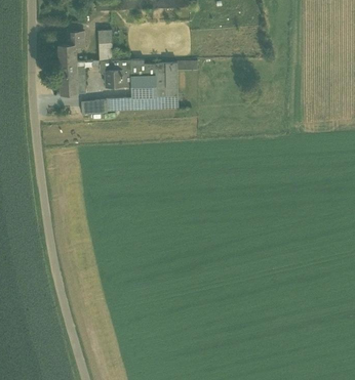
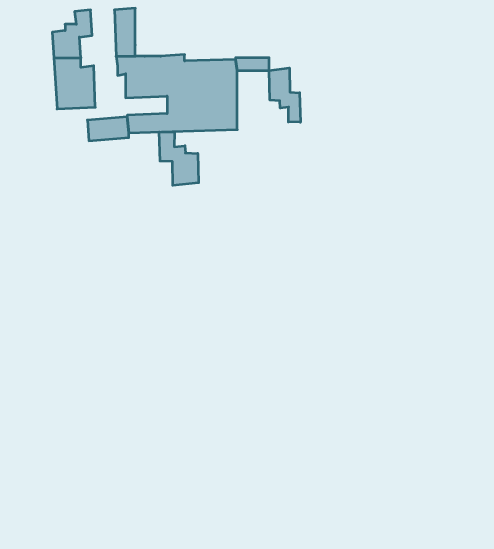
building: none -> [269,68,300,122]
building: none -> [159,132,199,185]

